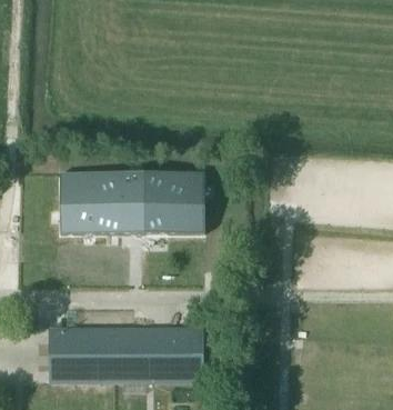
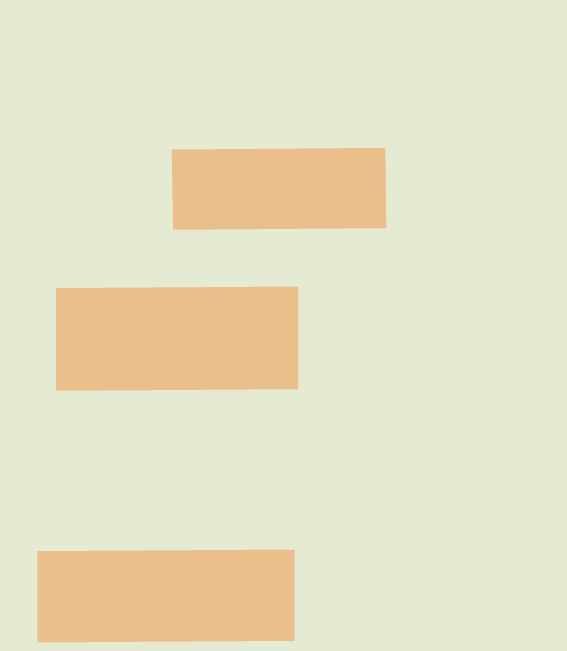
building: none -> [171,147,387,230]

